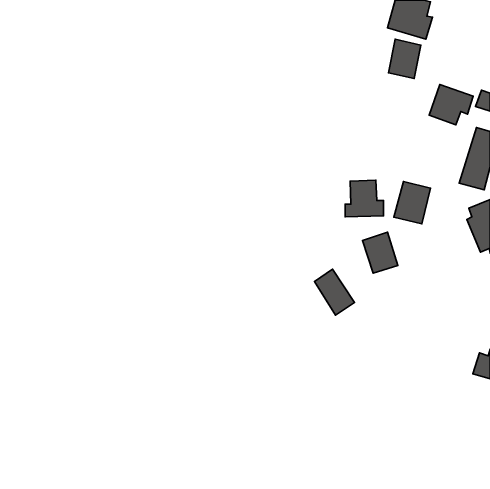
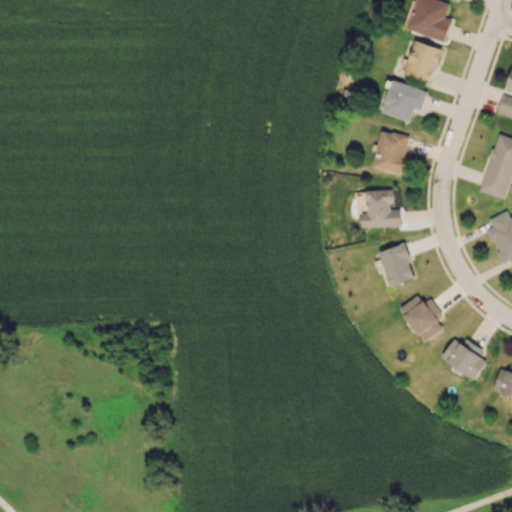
building: [429,85,473,125] -> [381,80,427,122]
building: [394,182,430,224] -> [371,130,409,174]
building: [314,269,355,315] -> [400,295,442,343]
building: none -> [441,338,486,381]

